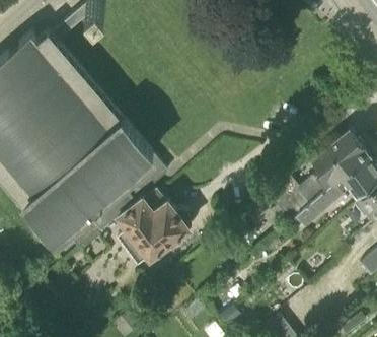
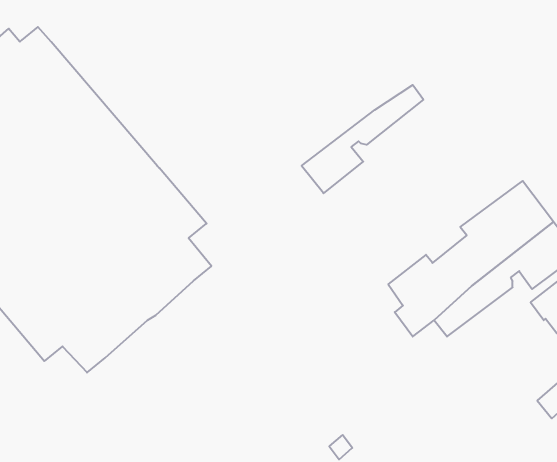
building: none -> [302,85,423,193]
building: [119,190,194,265] -> none

